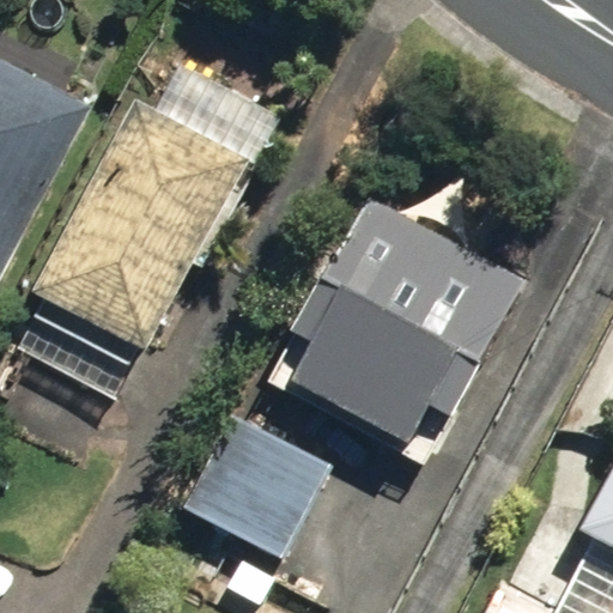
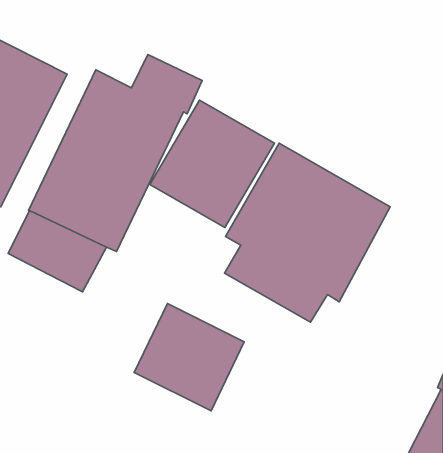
building: none -> [150,100,274,228]

